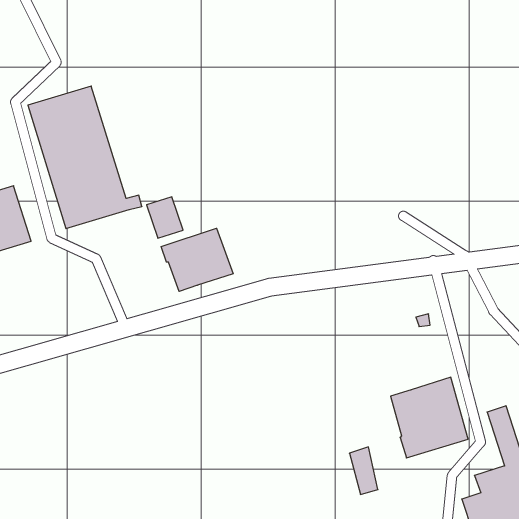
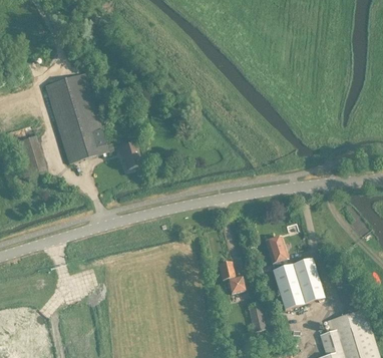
building: [161,228,233,291] -> none
building: none -> [266,235,289,264]
building: none -> [220,262,245,294]

